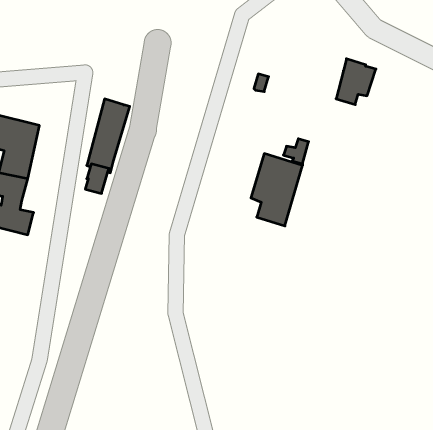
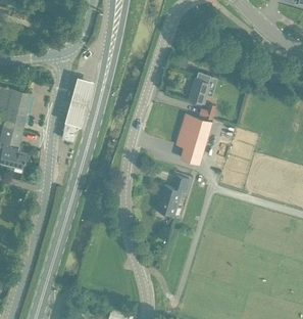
building: [336,59,376,105] -> [191,71,218,102]
building: none -> [157,177,189,217]

